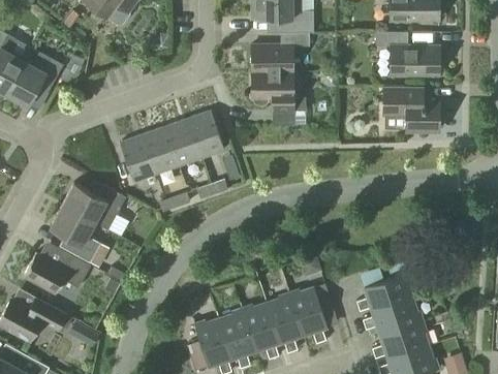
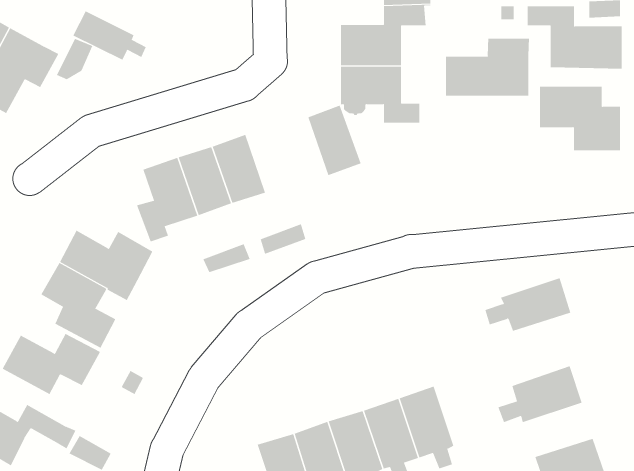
building: none -> [73,11,146,60]
building: none -> [446,38,530,97]
building: [188,111,224,158] -> [308,105,362,176]
building: [363,299,421,335] -> [485,277,571,331]

